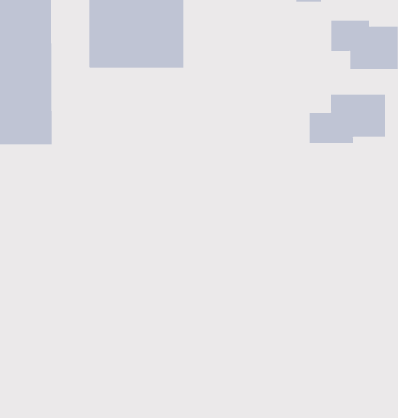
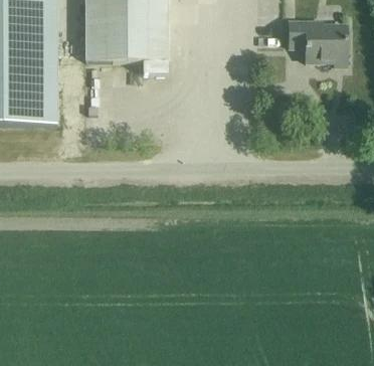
building: [309,94,386,144] -> none

